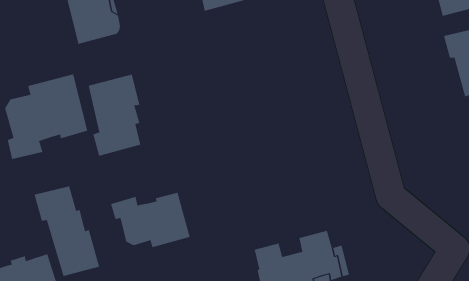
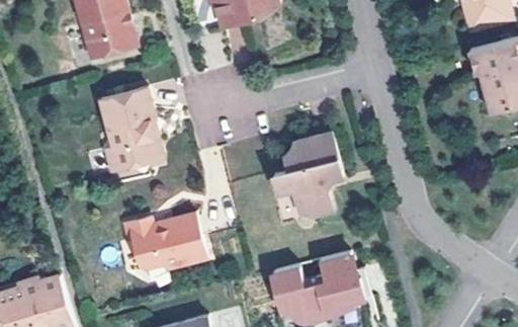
building: [5,74,88,160] -> none
building: none -> [274,132,342,215]
building: [34,185,100,277] -> none

